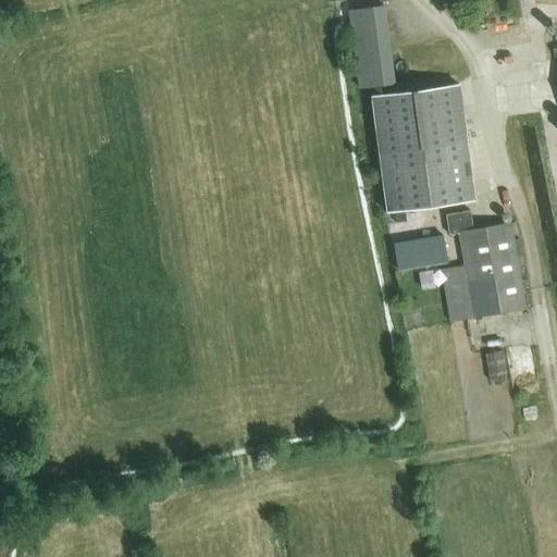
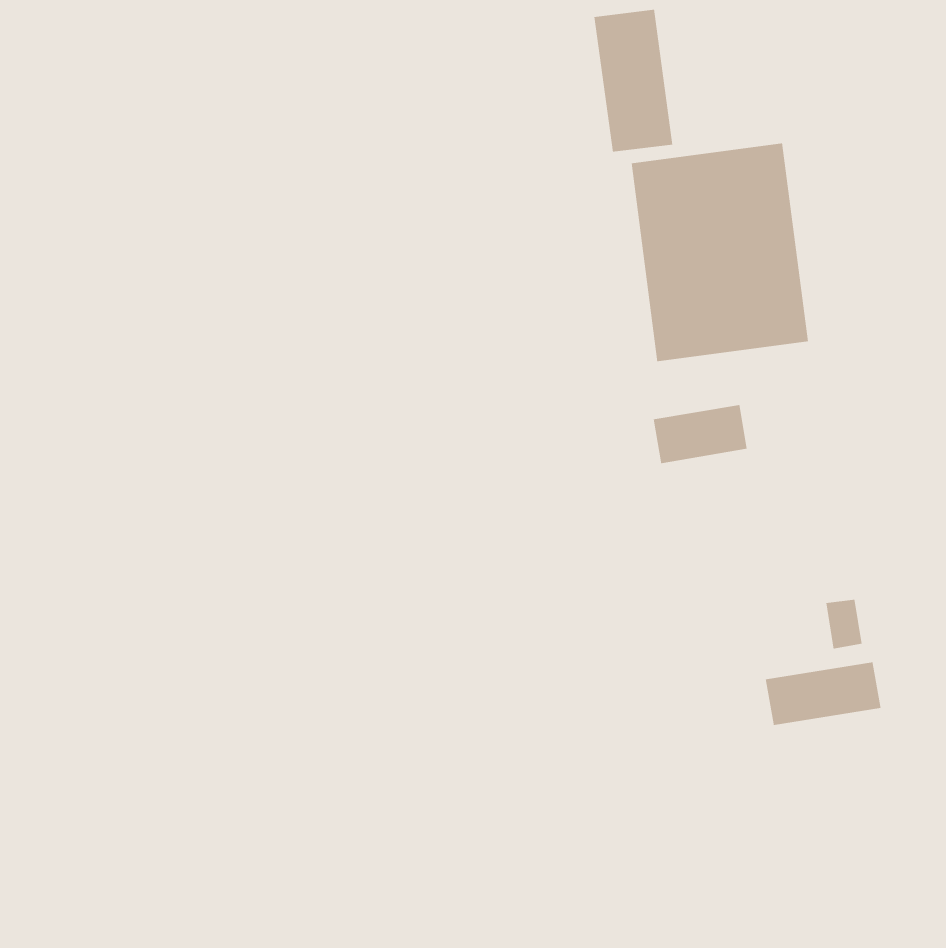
building: [441,210,527,322] -> none
building: none -> [765,661,881,726]

